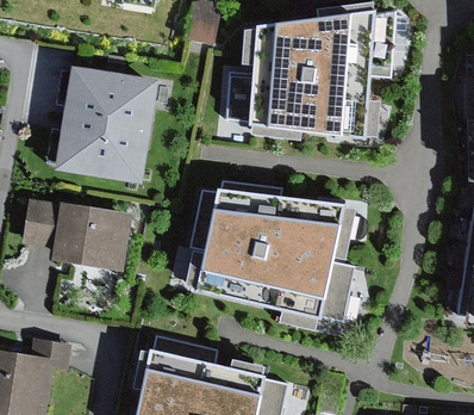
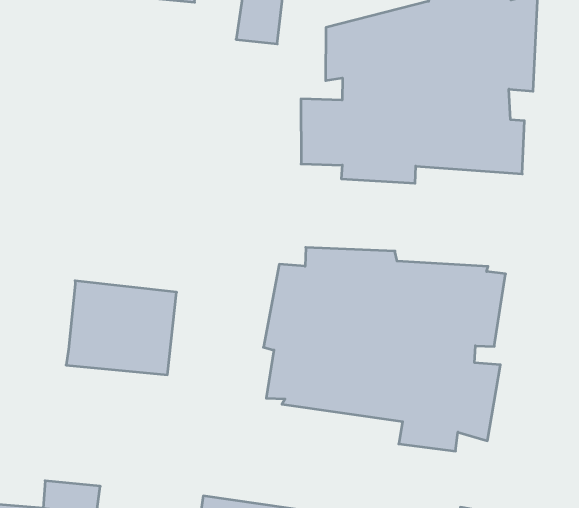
building: [46,58,163,181] -> none
building: [24,198,63,248] -> none

